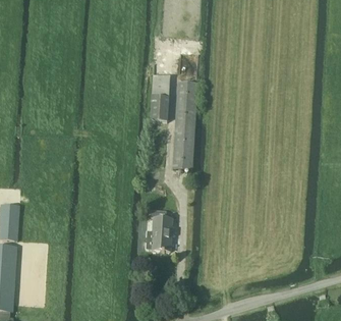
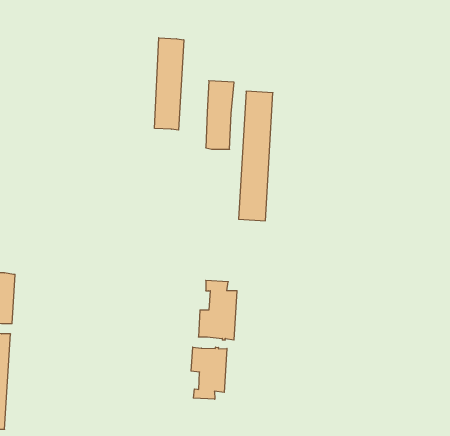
building: none -> [155,38,184,130]
building: none -> [191,347,227,399]

